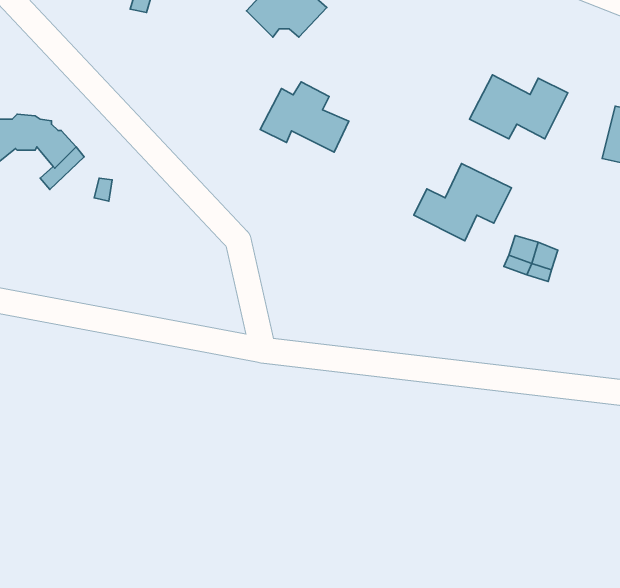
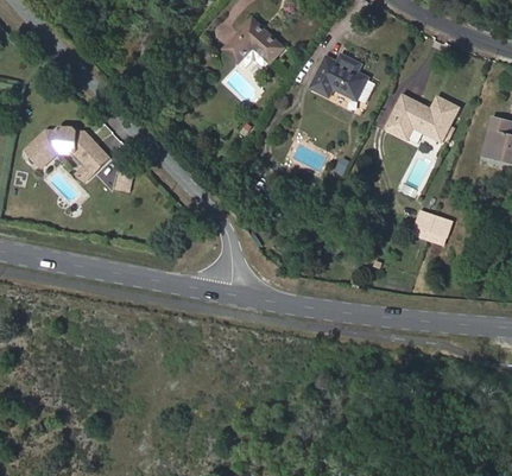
building: [260,82,349,152] -> [310,53,374,104]
building: [414,163,512,241] -> none

